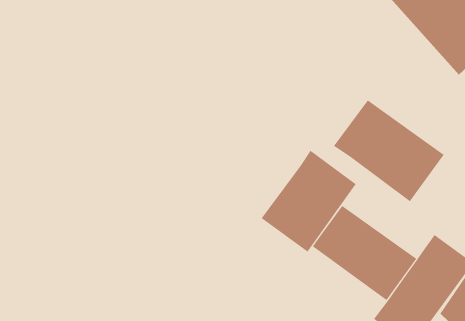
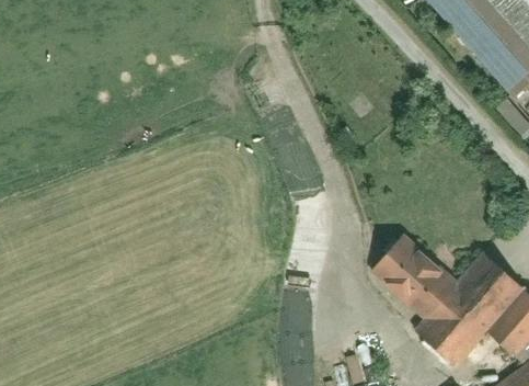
building: [333,99,444,202] -> none
building: [261,150,356,252] -> none

